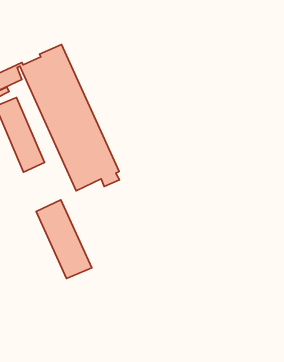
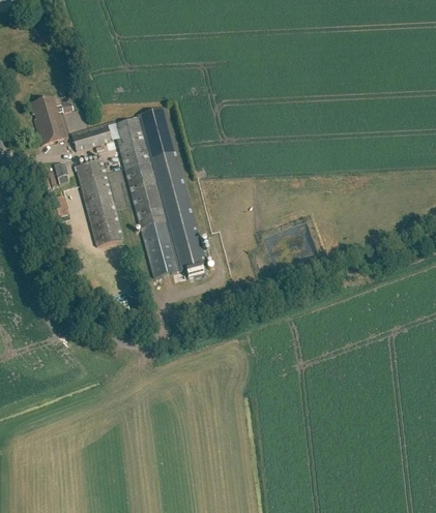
building: [36,200,92,279] -> none

